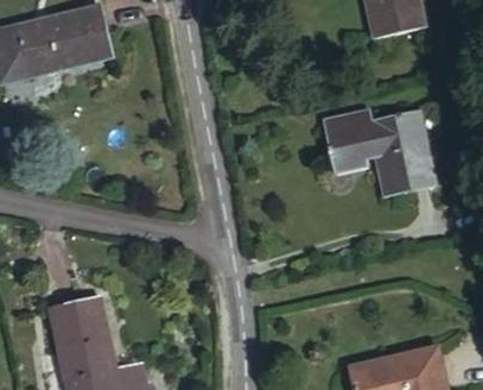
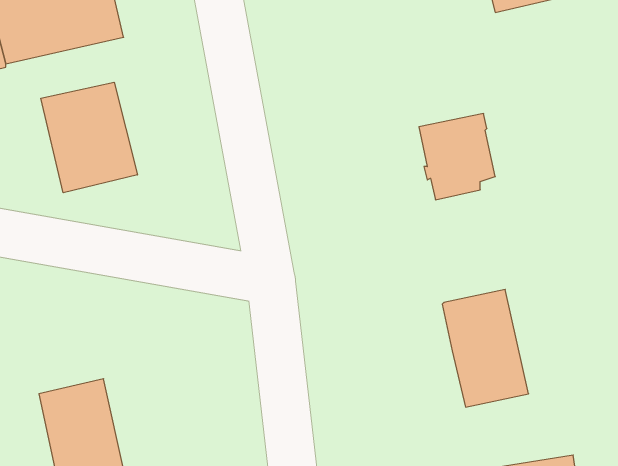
building: none -> [41,82,137,193]
building: [371,109,433,194] -> [442,289,529,407]

